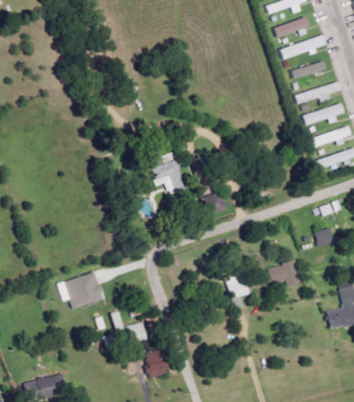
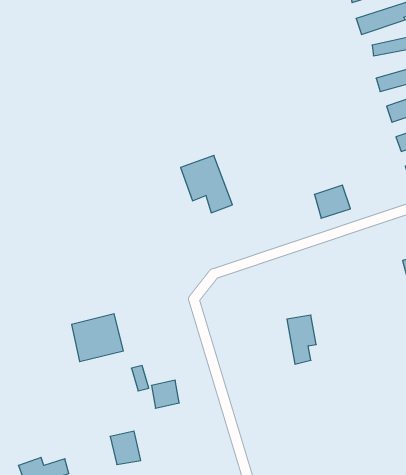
building: [201,191,228,216] -> [314,185,350,218]
building: [265,262,300,285] -> none
building: [144,352,167,377] -> [110,431,141,464]

